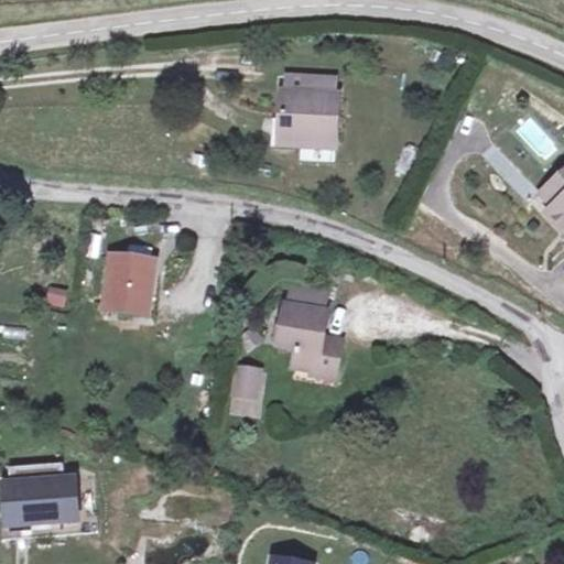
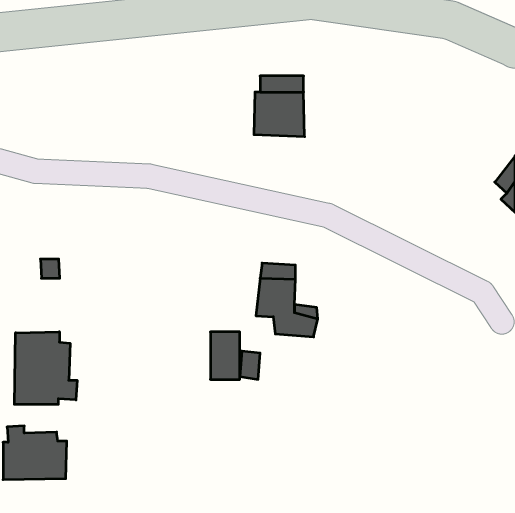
building: [109,254,156,316] -> none
building: none -> [14,332,77,404]

